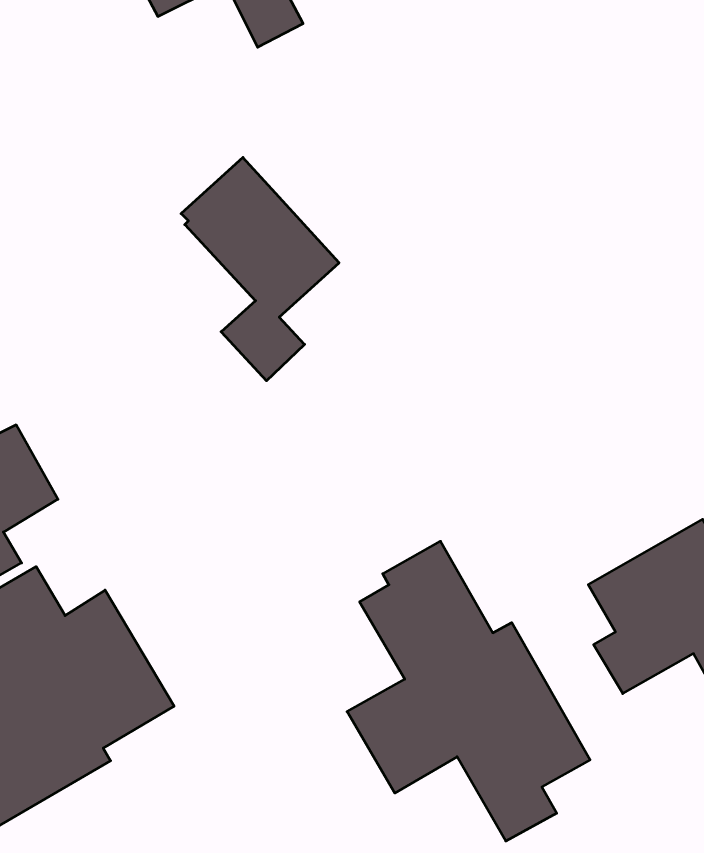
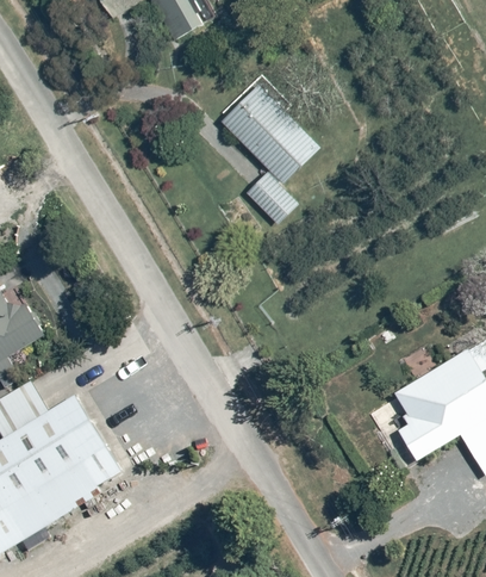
building: [181,157,339,381] -> [219,76,323,223]
building: [347,541,590,841] -> none

